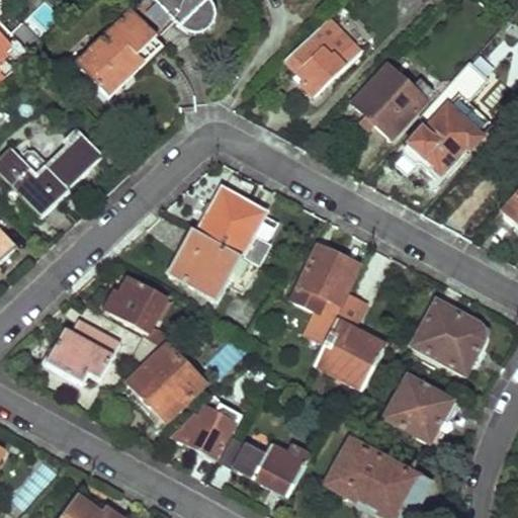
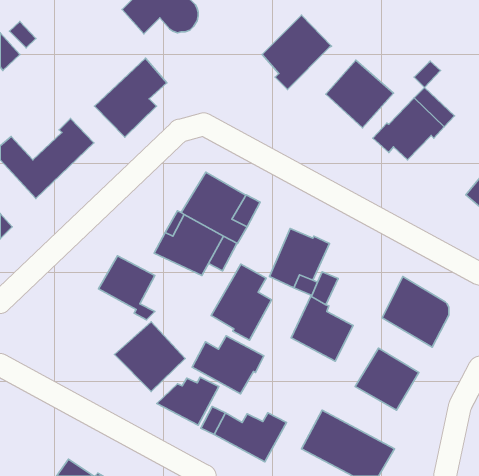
building: [78,10,156,95] -> [95,58,167,137]
building: none -> [211,264,271,340]
building: [47,319,117,381] -> none
building: none -> [192,336,264,394]

